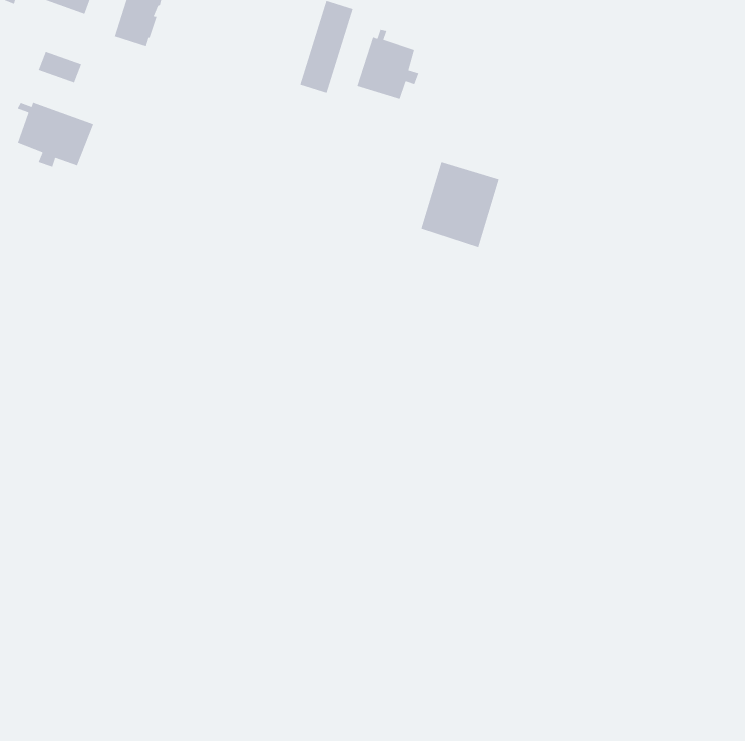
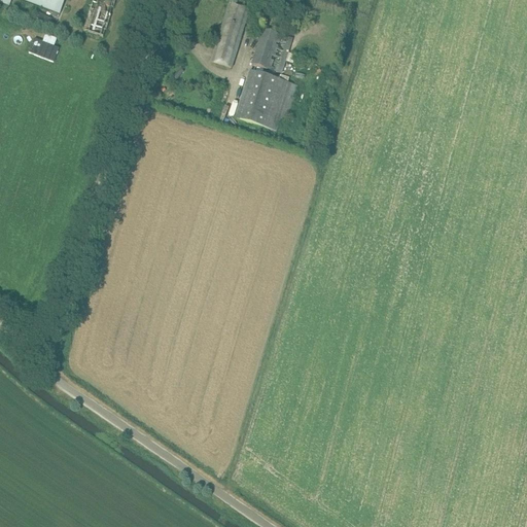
building: [17,102,94,167] -> none
building: [421,162,499,248] -> [236,68,291,129]

